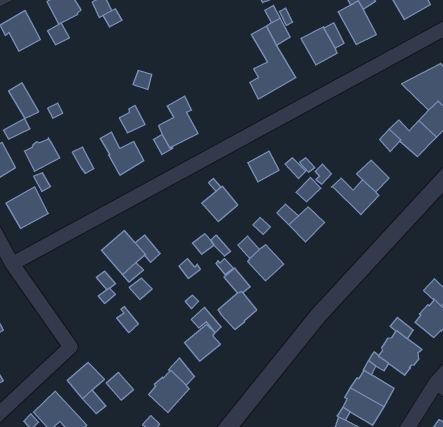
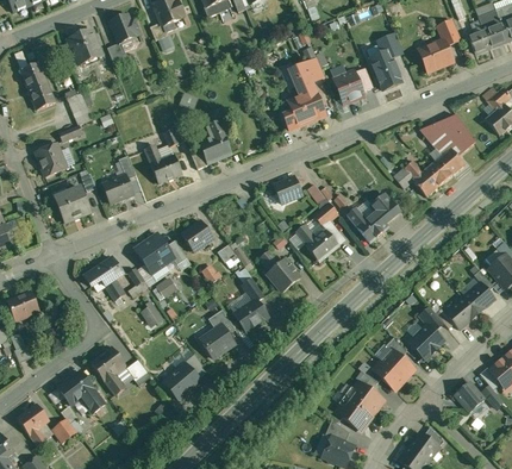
building: [24,138,60,171] -> [102,174,133,202]
building: [202,186,238,221] -> [181,220,213,251]
building: none -> [83,257,124,300]

